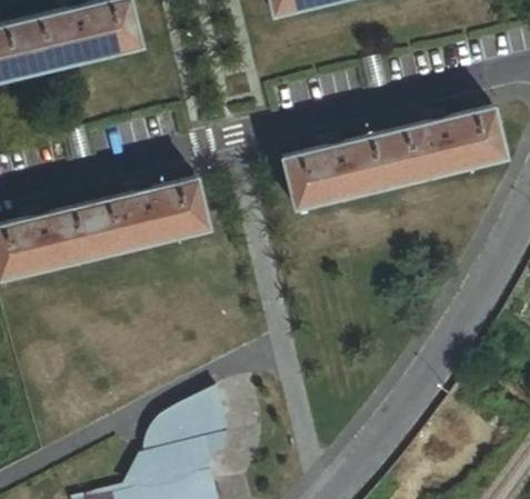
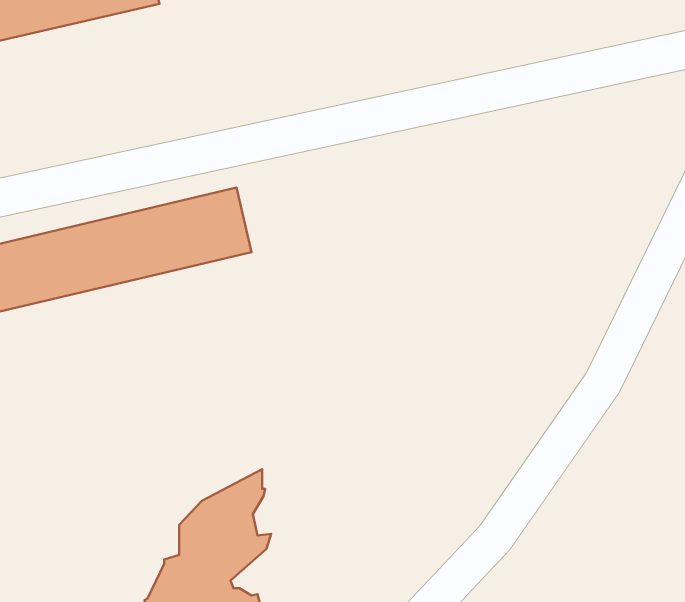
building: [284,109,506,207] -> none

